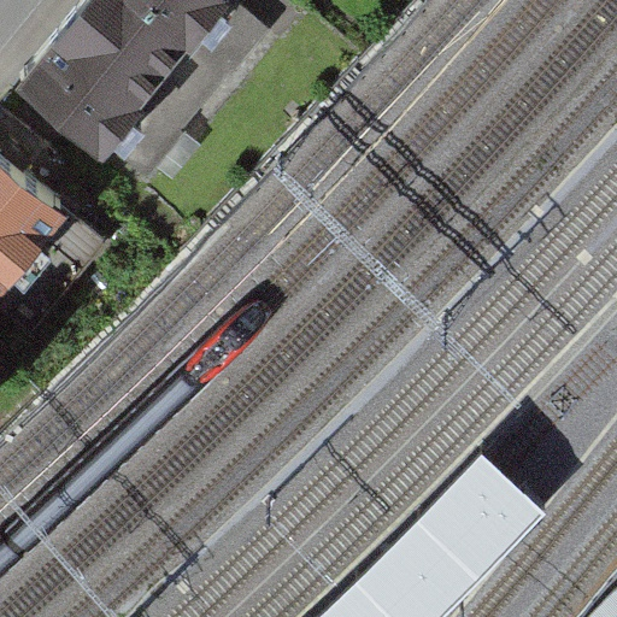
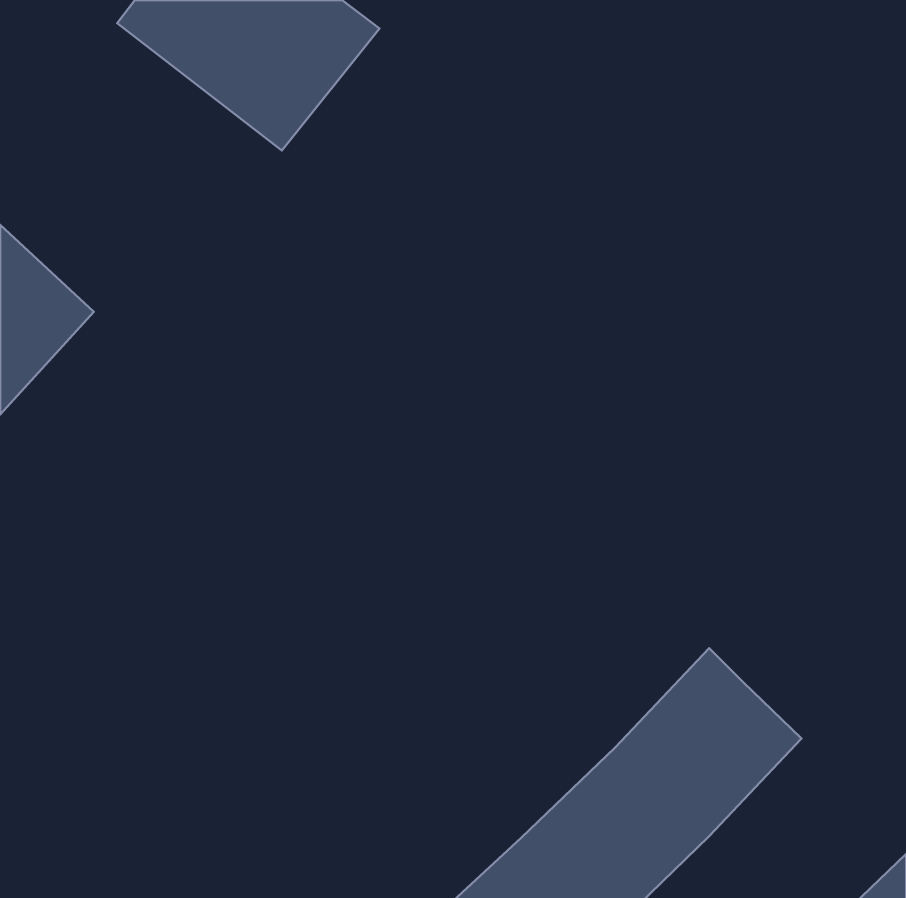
building: [13,20,192,187] -> none

